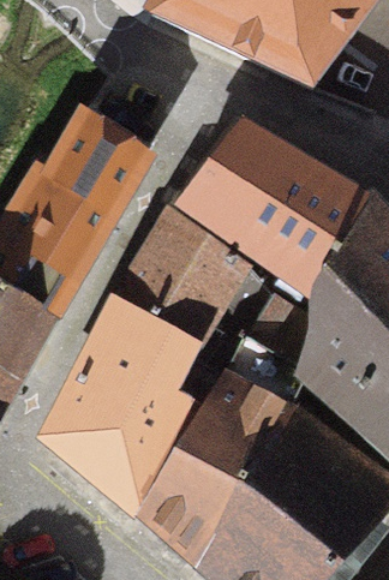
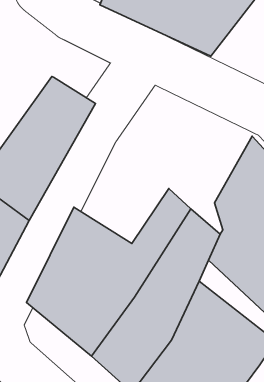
building: [176,126,366,297] -> none
building: [112,213,247,354] -> none

